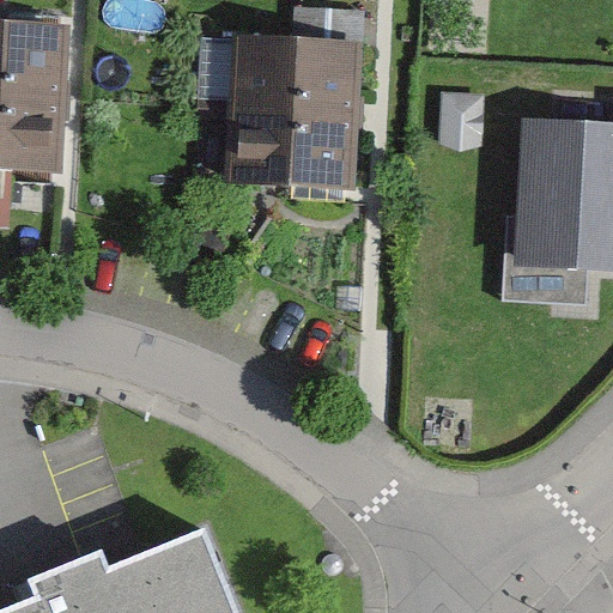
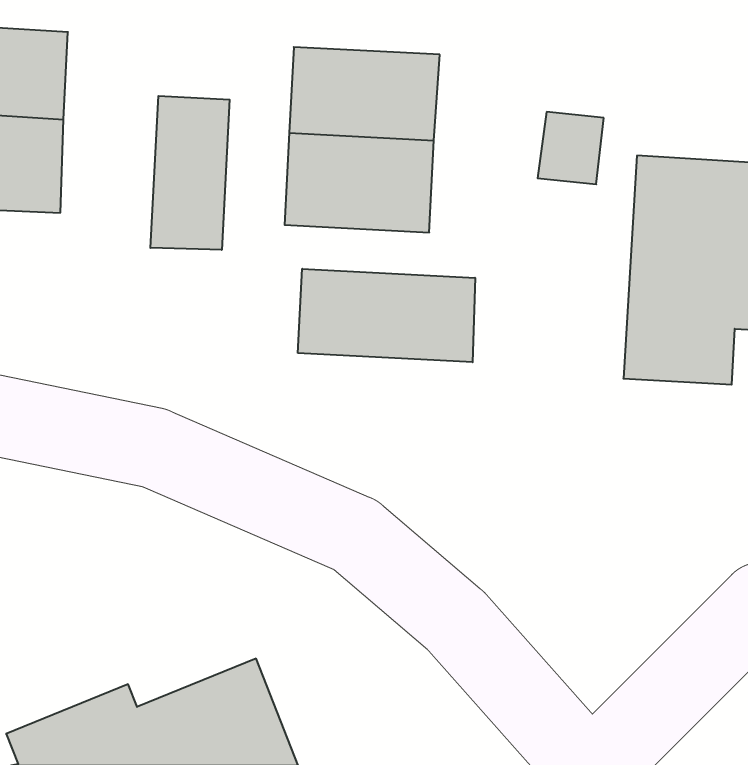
building: none -> [150,96,230,250]
building: none -> [298,269,475,362]

